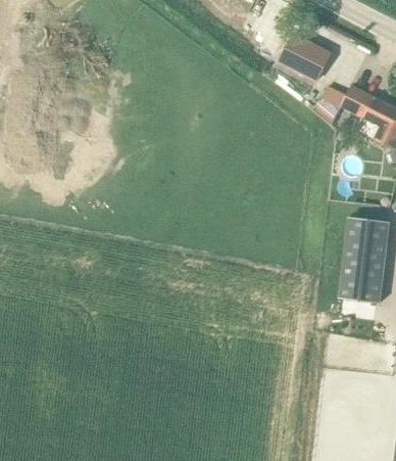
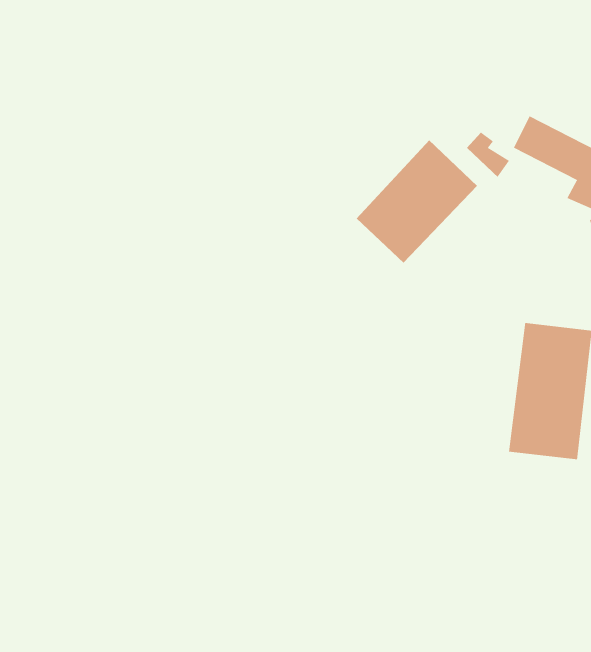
building: [279,33,331,81] -> none
building: none -> [356,140,478,264]

